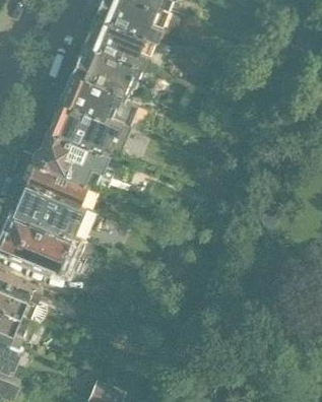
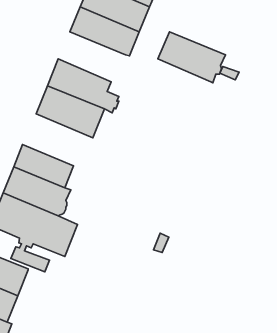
building: [71,43,142,96] -> [158,32,225,83]
building: [34,129,108,187] -> none

